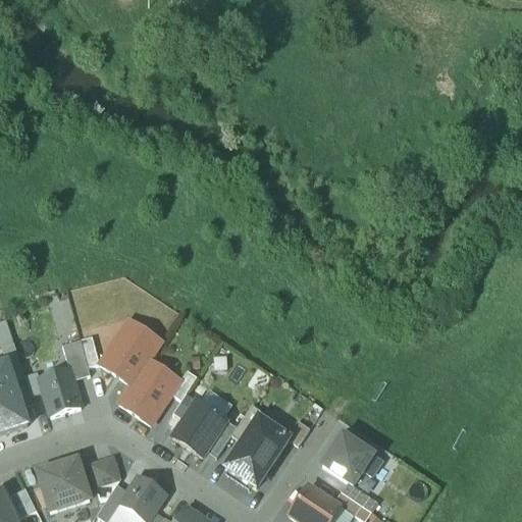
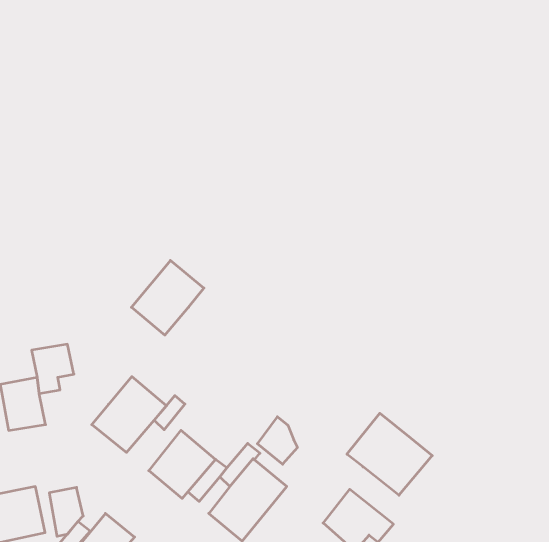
building: [101,320,160,383] -> [131,260,204,335]
building: none -> [347,413,432,495]
building: none -> [257,417,297,464]

